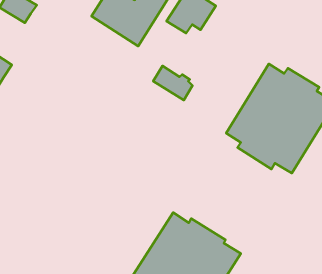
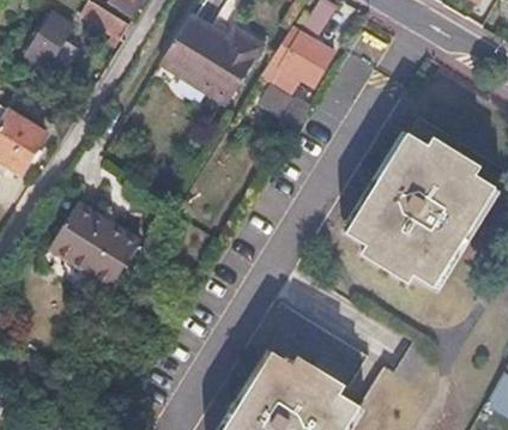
building: [153,66,192,100] -> [256,79,312,127]
building: none -> [44,205,137,290]

